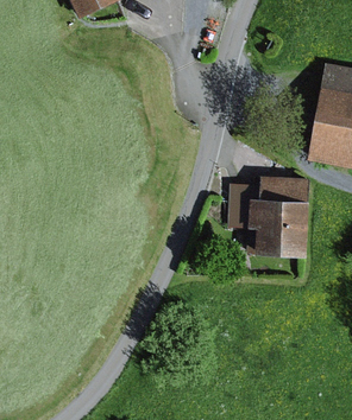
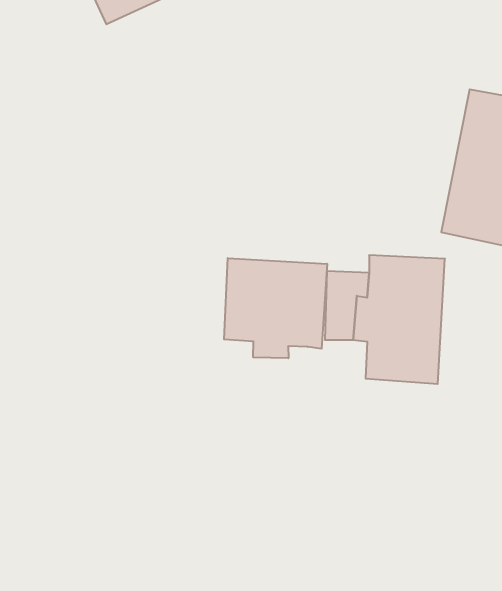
building: none -> [224,258,327,358]

